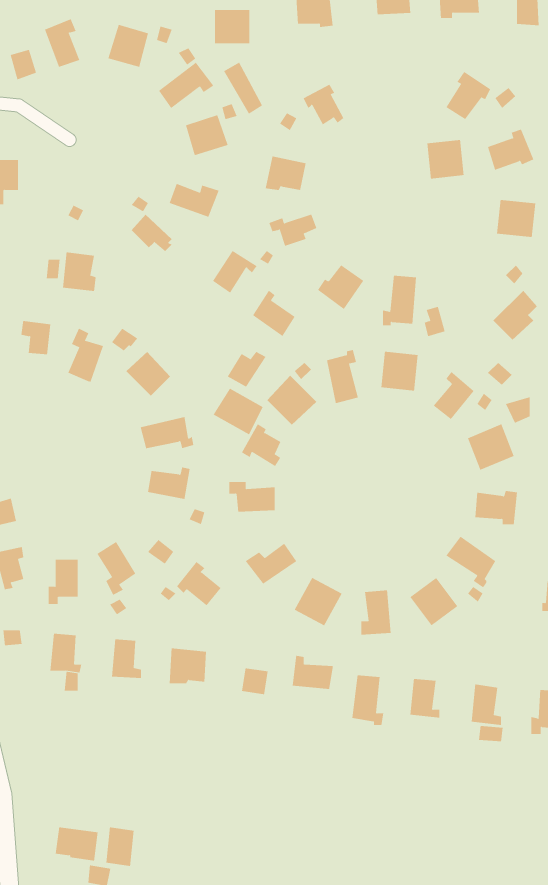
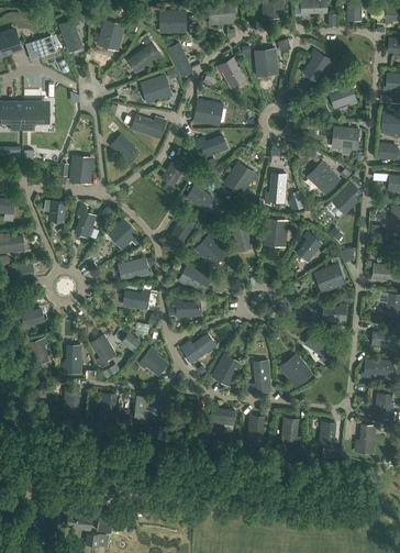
building: [427,139,465,179] -> [254,48,277,73]
building: none -> [310,163,340,193]
building: [213,388,264,435] -> none

